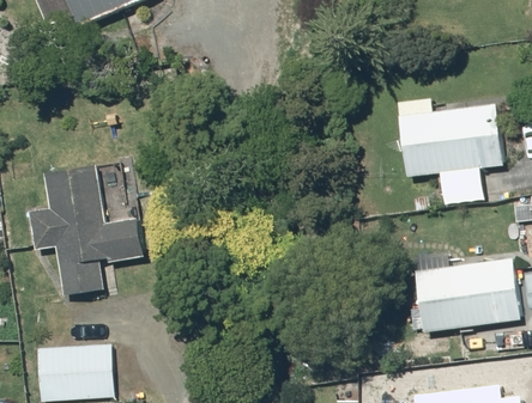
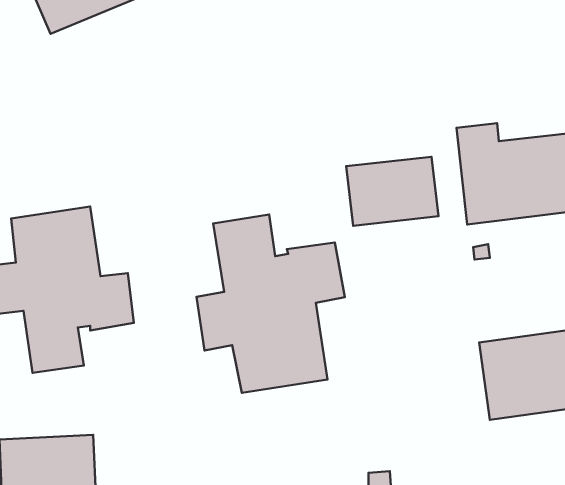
building: none -> [346,157,438,226]
building: none -> [196,214,345,393]

